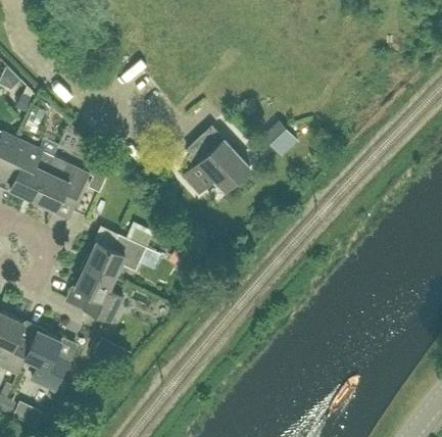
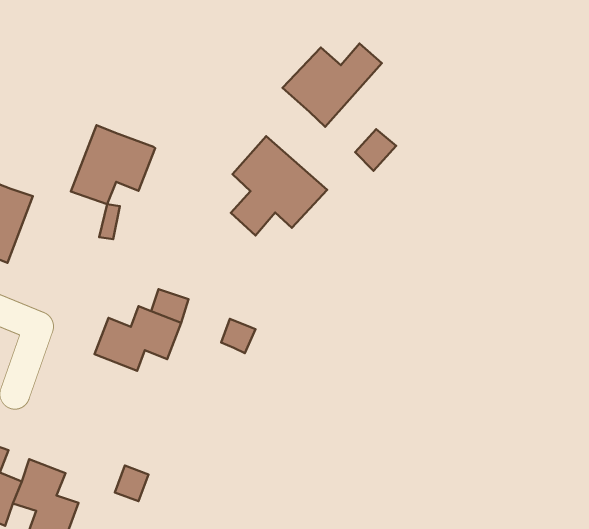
building: none -> [282,43,382,127]
building: [33,156,91,209] -> [71,125,155,204]
building: [75,264,121,322] -> none

